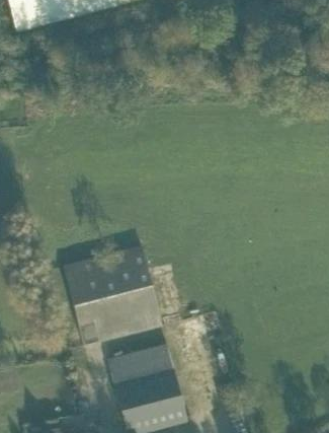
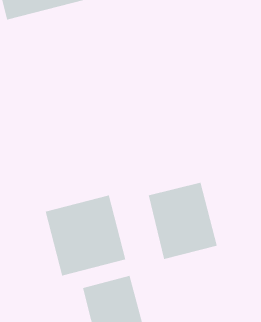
building: none -> [148,182,218,260]

